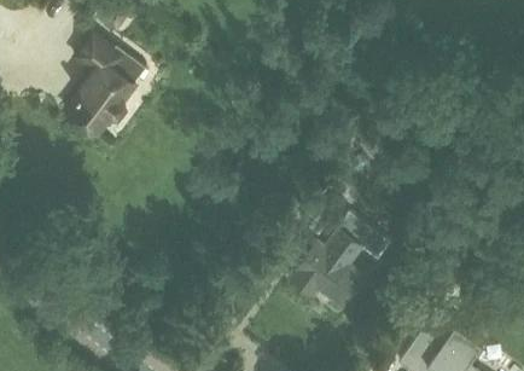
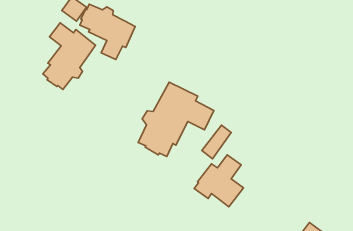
building: none -> [80,4,135,60]
building: none -> [138,82,214,156]

